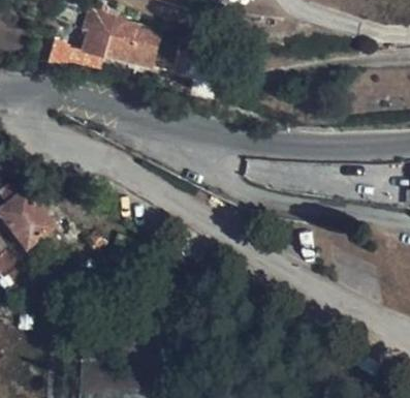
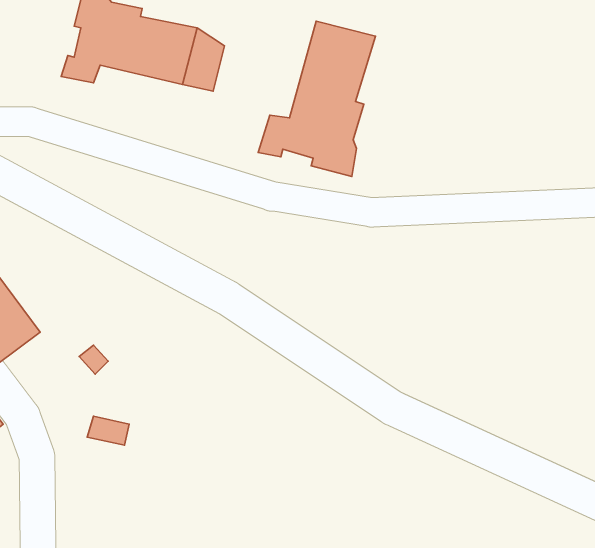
building: none -> [258,21,376,176]

